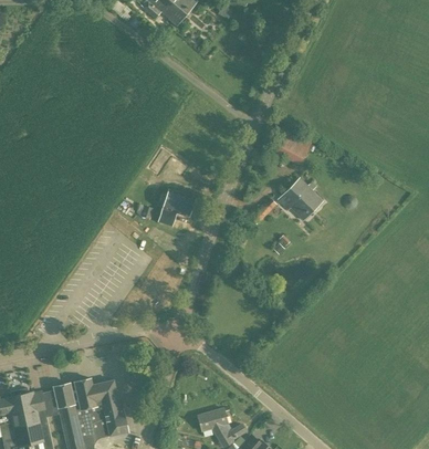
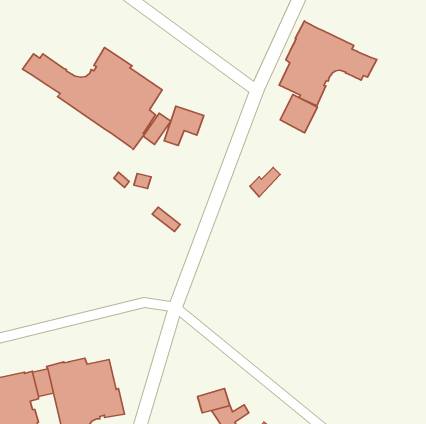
building: none -> [279,21,377,106]
building: none -> [22,47,162,149]
building: [281,178,323,219] -> none
building: [158,188,196,226] -> [164,106,204,146]

